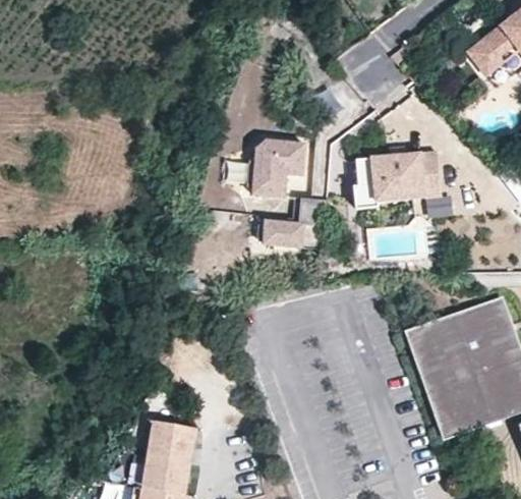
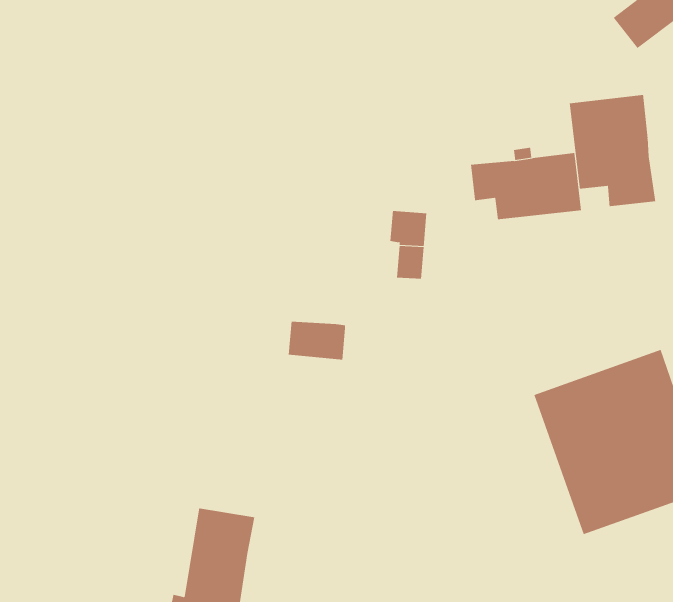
building: none -> [569,94,656,207]
building: [251,135,306,195] -> none
building: [262,217,305,246] -> [288,321,346,360]

